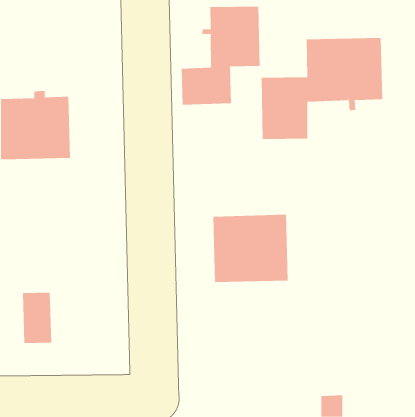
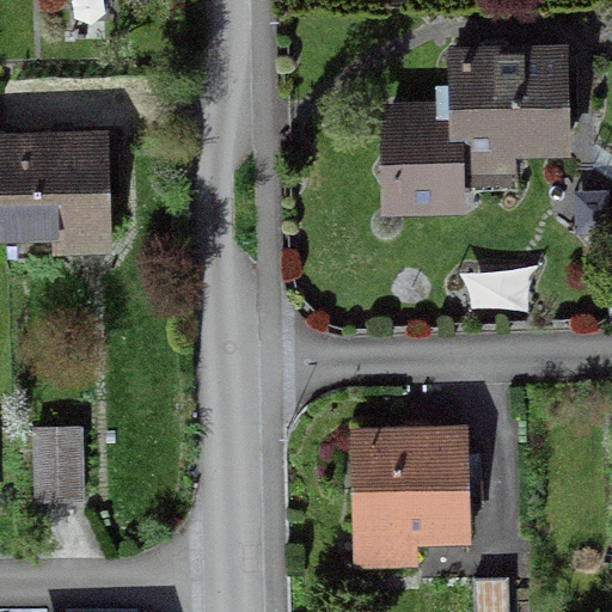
building: [181,6,260,105] -> none
building: [213,214,288,283] -> [354,434,465,534]

